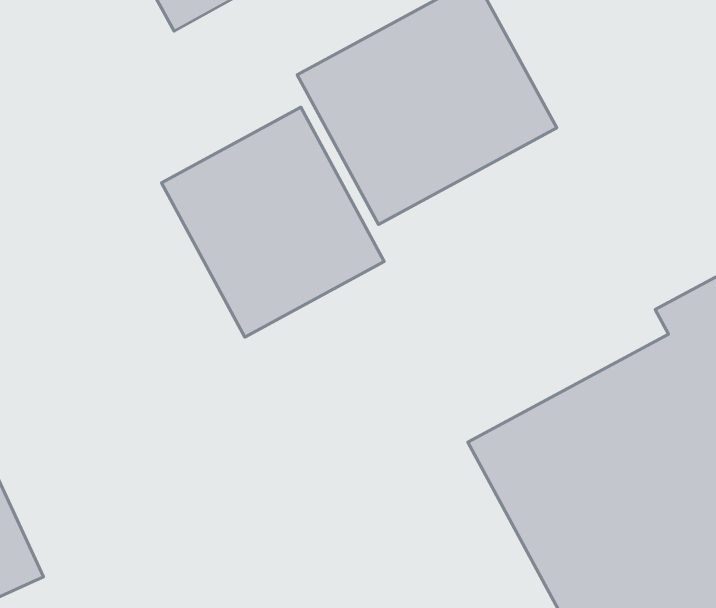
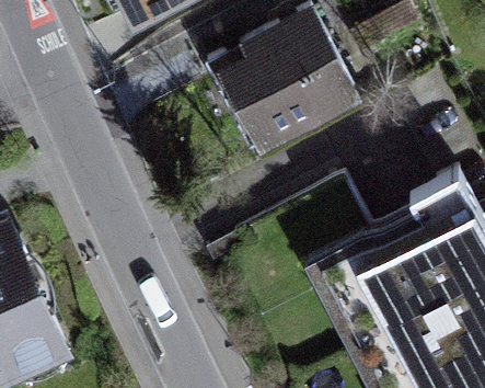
building: [161,107,384,337] -> none

